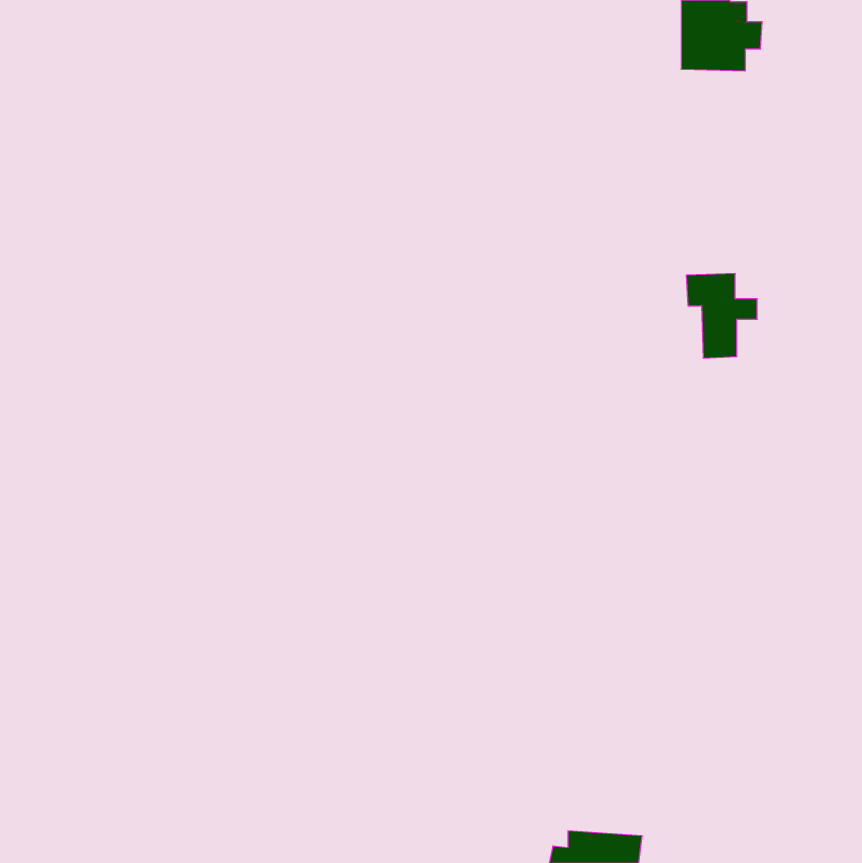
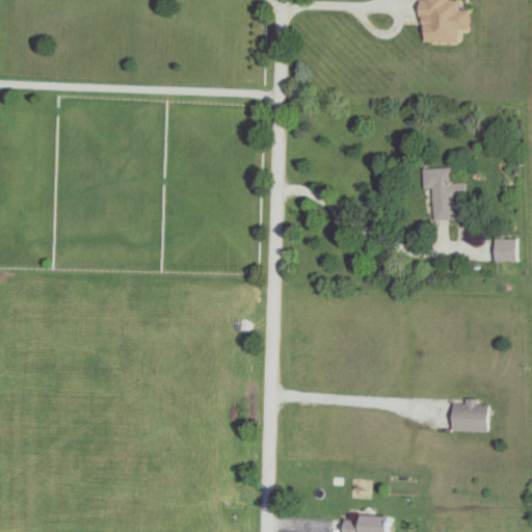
building: none -> [494,237,521,261]
building: none -> [450,398,490,431]

